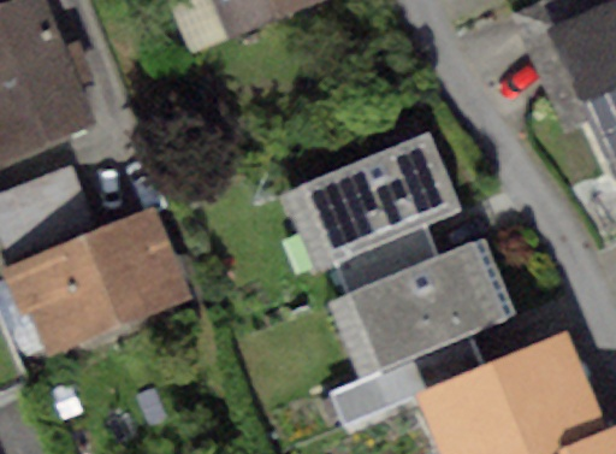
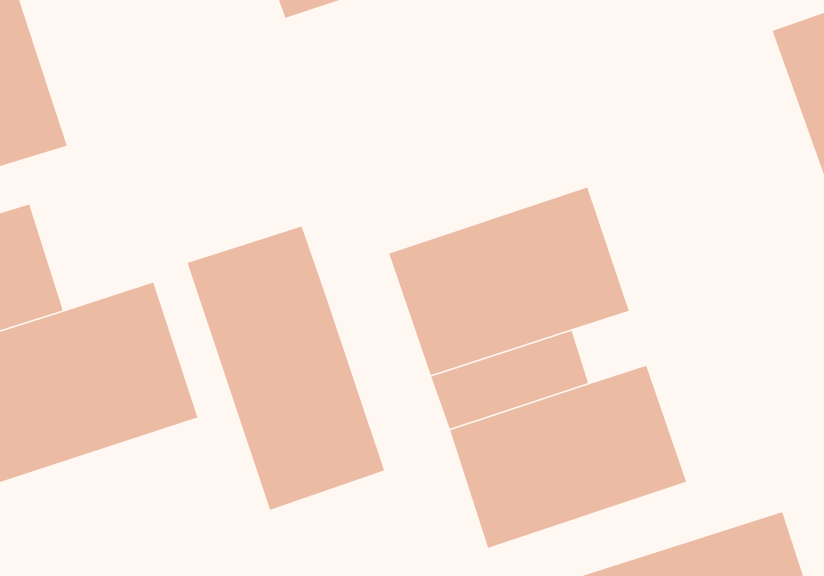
building: none -> [187,226,385,511]

